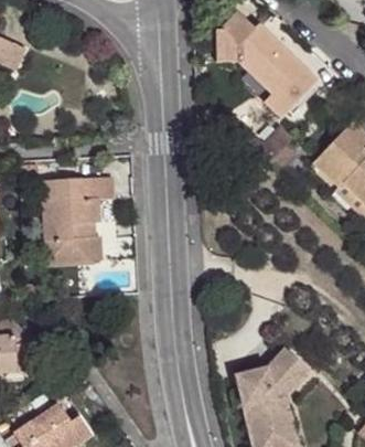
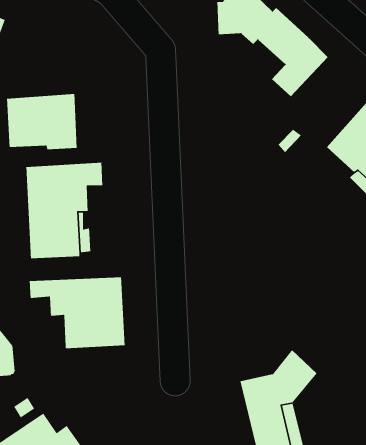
building: none -> [6,93,77,150]
building: none -> [29,276,125,349]

